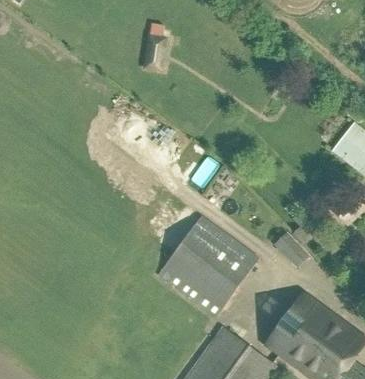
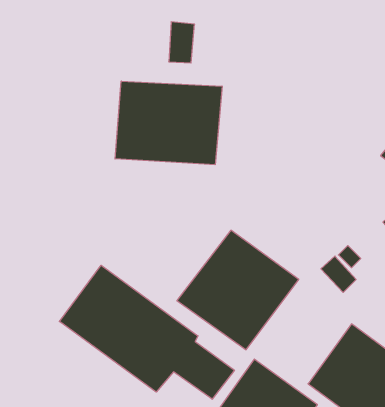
building: none -> [115,81,222,165]
building: none -> [59,265,234,399]

